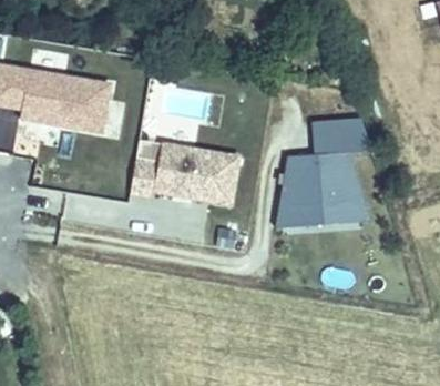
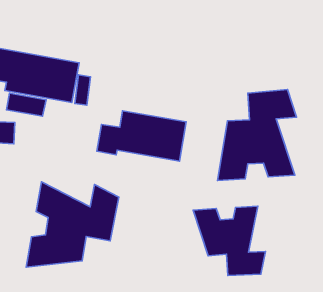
building: none -> [26,182,119,267]
building: none -> [193,206,265,275]

